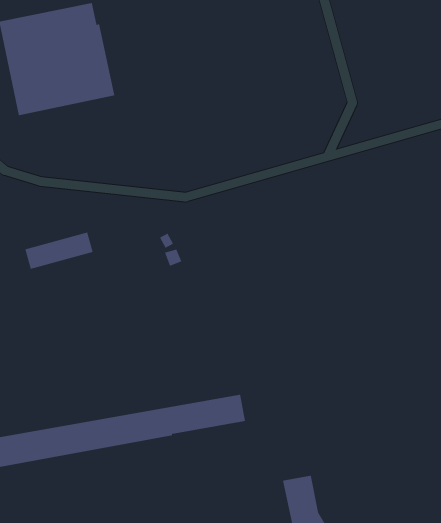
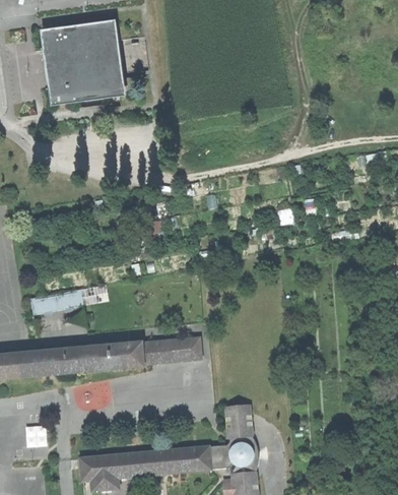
building: [24,232,94,270] -> [31,289,85,314]

